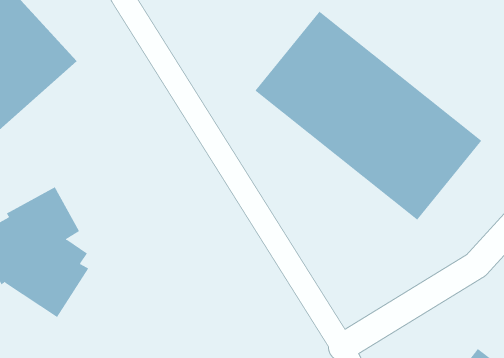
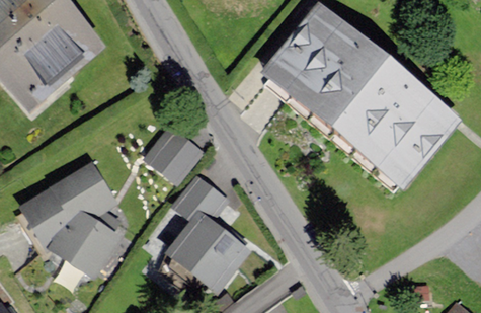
building: none -> [144,126,197,179]
building: none -> [166,176,248,289]

